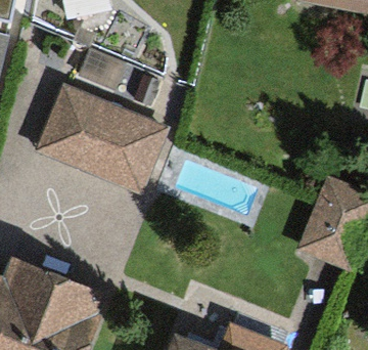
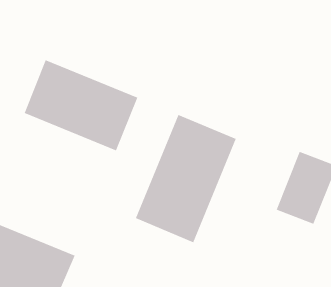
building: none -> [135,114,237,243]

